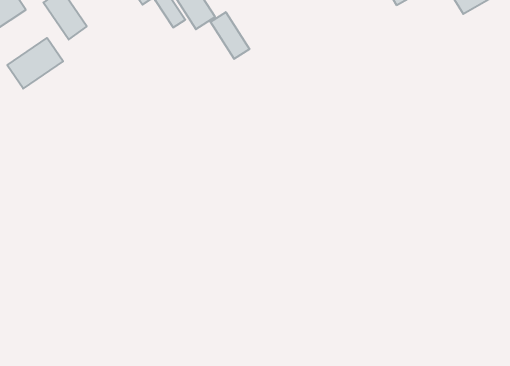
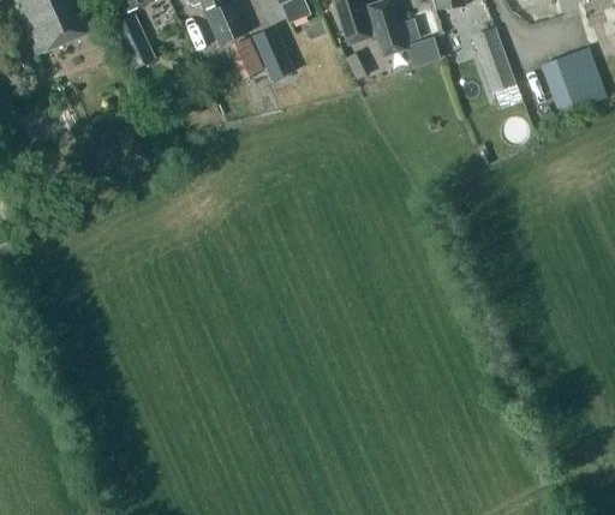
building: [210,12,249,59] -> none
building: [7,38,63,89] -> none

